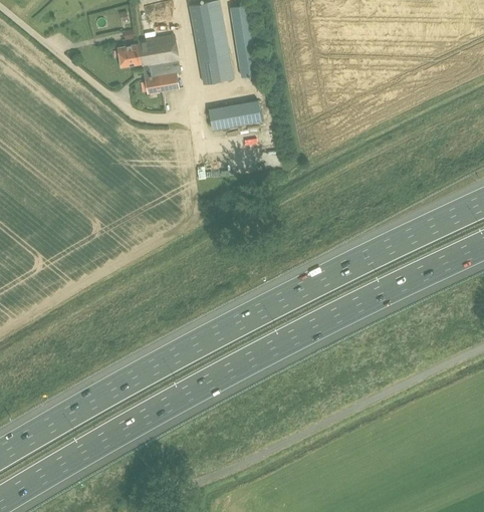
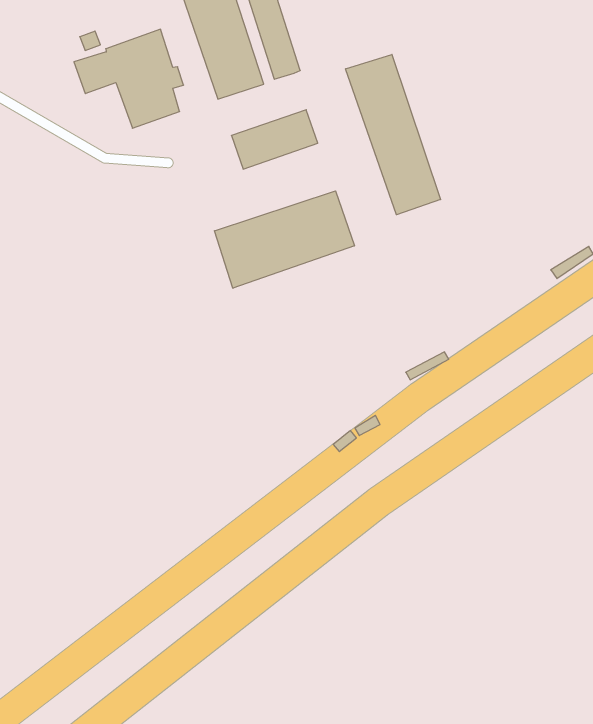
building: none -> [346,54,441,215]
building: none -> [214,191,354,288]

